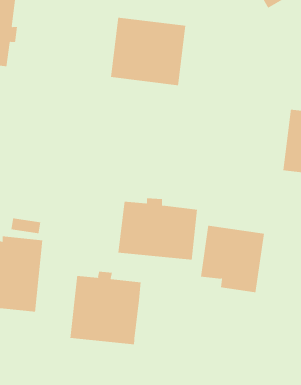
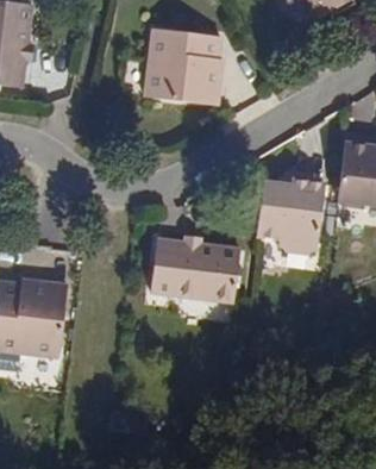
building: [200,225,265,293] -> [255,180,327,256]
building: [70,271,141,345] -> none

